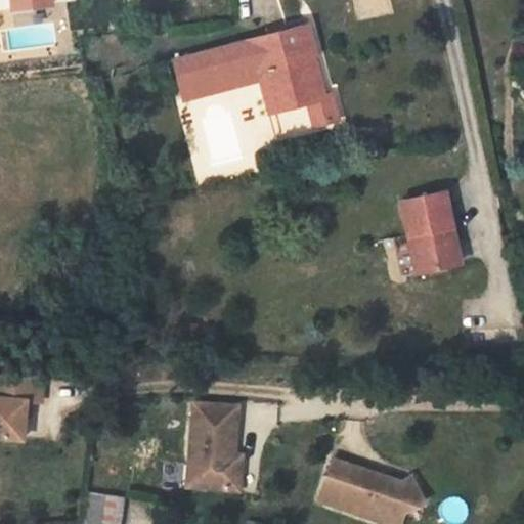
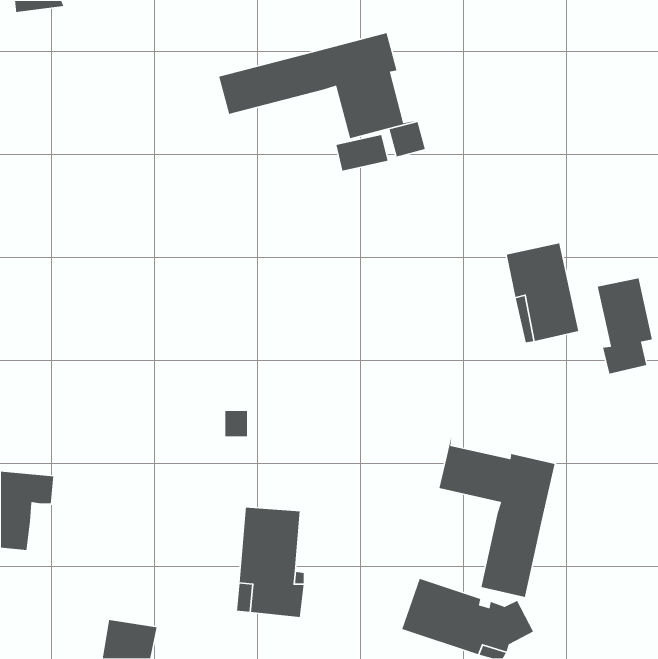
building: [182,69,278,113] -> none
building: none -> [597,278,653,375]
building: none -> [439,434,555,598]

